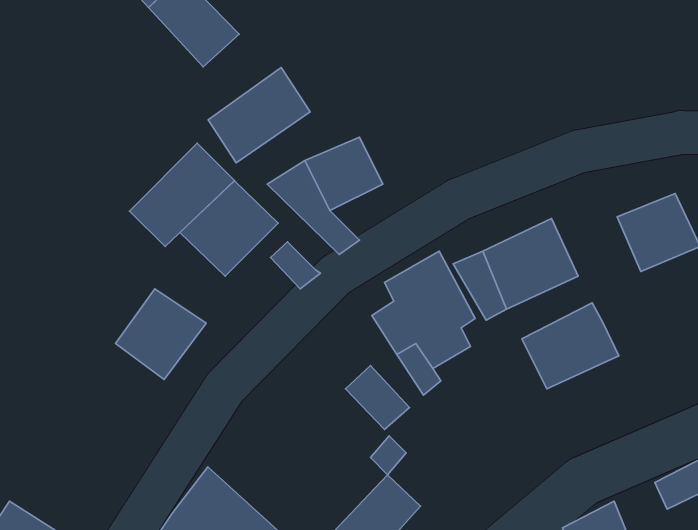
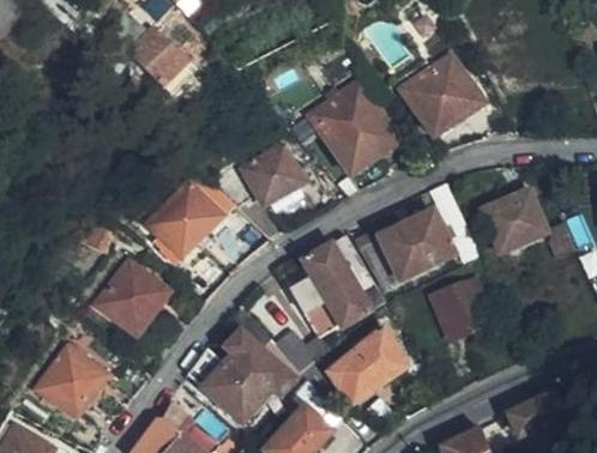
building: none -> [402,60,478,134]
building: none -> [308,83,397,174]
building: [208,67,310,163] -> none
building: [129,143,235,246] -> none
building: none -> [187,303,293,421]
building: none -> [330,330,404,403]
building: none -> [37,348,104,415]

